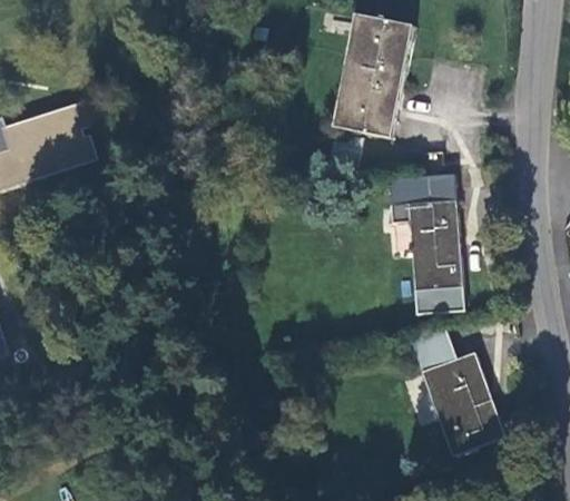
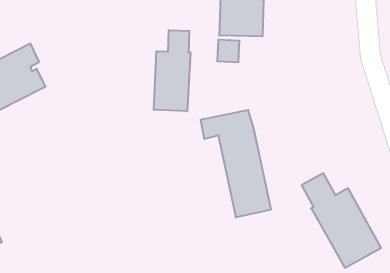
building: none -> [154,30,191,111]
building: [387,175,462,313] -> [200,110,271,217]

